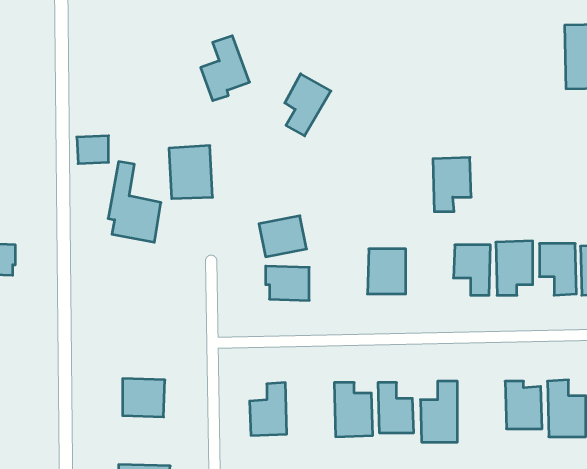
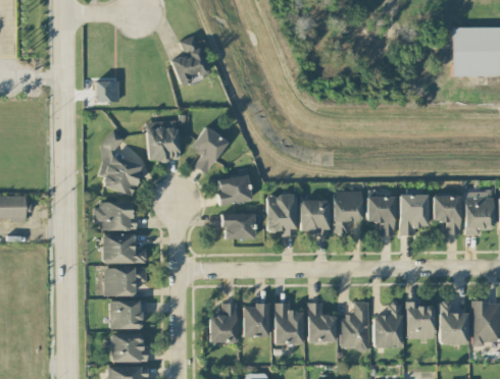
building: [285,74,331,136] -> [193,126,229,174]
building: [77,136,109,164] -> [95,80,119,102]
building: [433,157,471,212] -> [333,191,362,232]
building: none -> [267,195,297,235]
building: none -> [94,203,137,230]
building: none -> [102,234,146,263]
building: none -> [105,267,147,295]
building: none -> [373,302,403,347]
building: none -> [243,305,269,337]
building: none -> [111,333,148,362]

